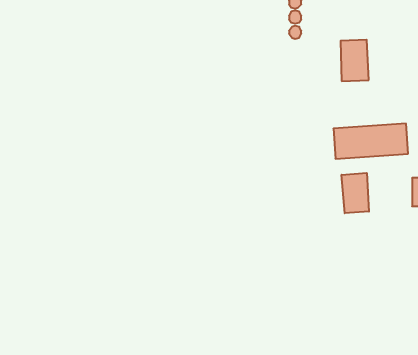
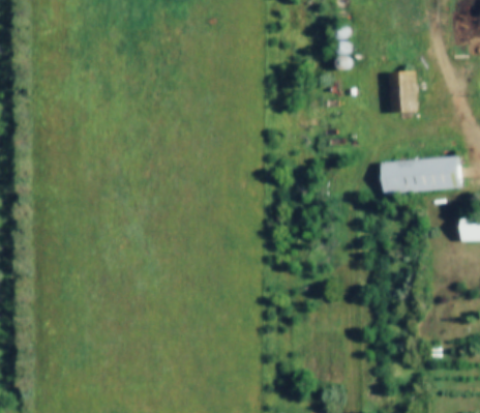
building: [342,173,369,213] -> none

